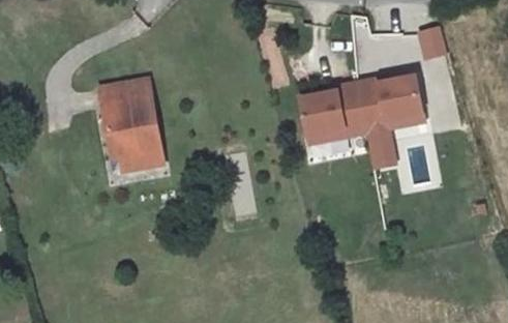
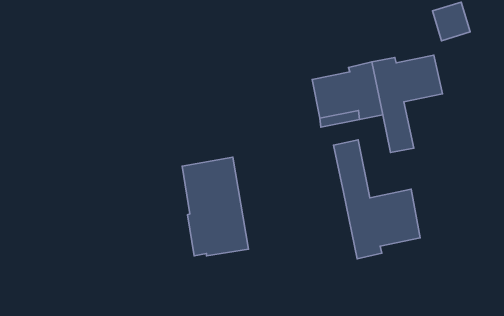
building: [100,80,162,172] -> [182,157,248,256]
building: none -> [334,140,420,259]

